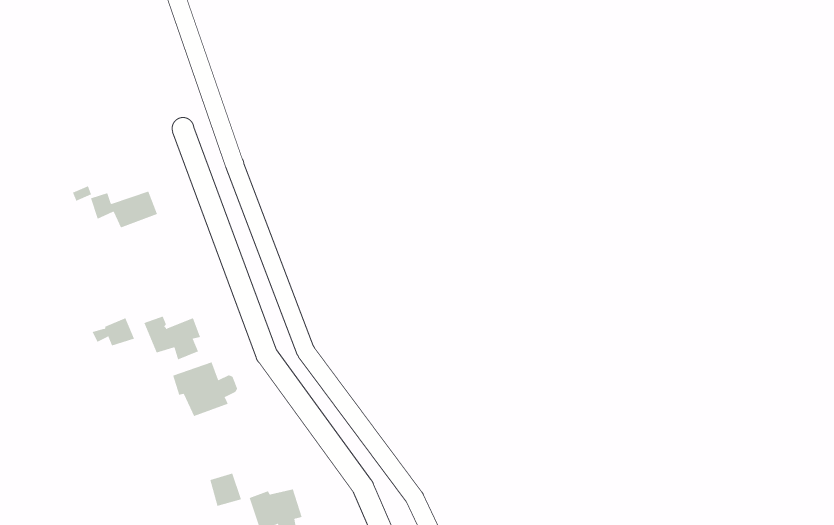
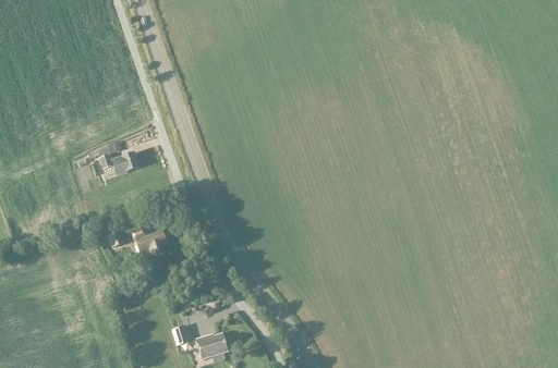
building: [172,361,238,417] -> none

